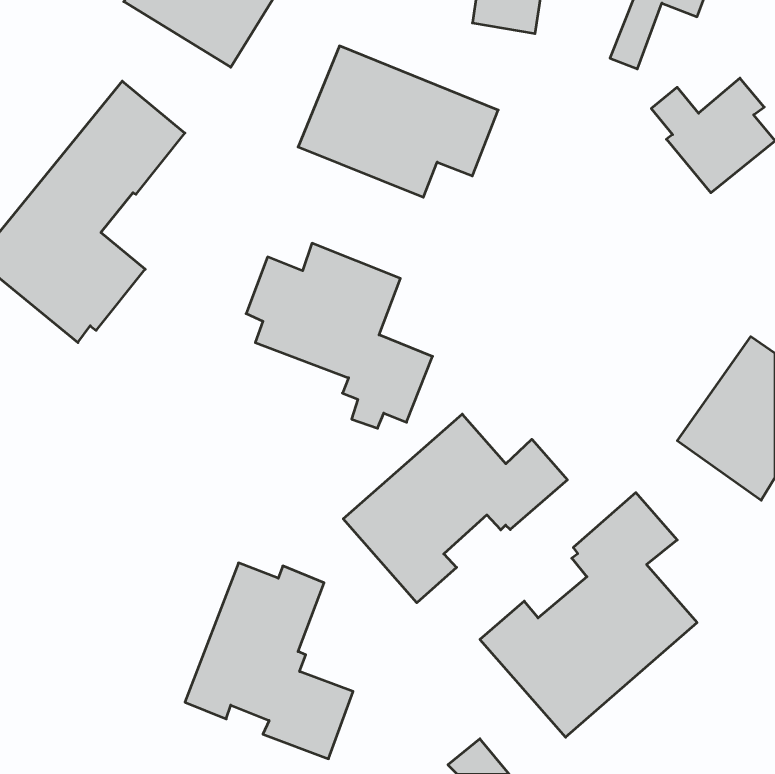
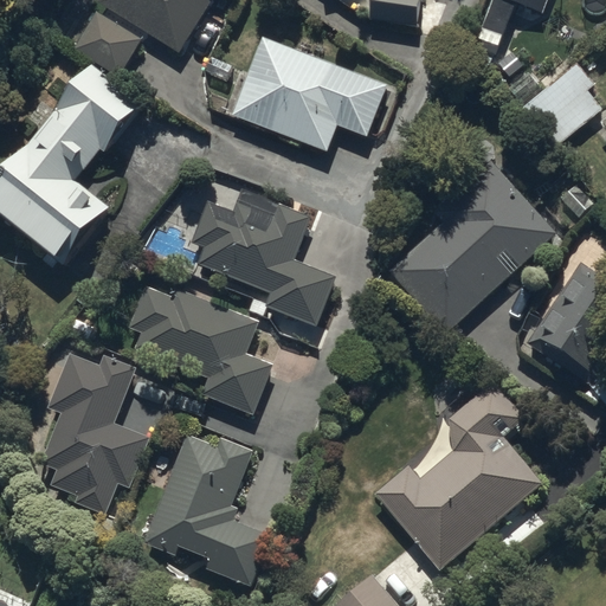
building: none -> [69,7,142,77]
building: none -> [385,161,554,331]
building: none -> [128,284,272,413]
building: [343,414,567,603] -> none
building: none -> [40,352,149,515]

